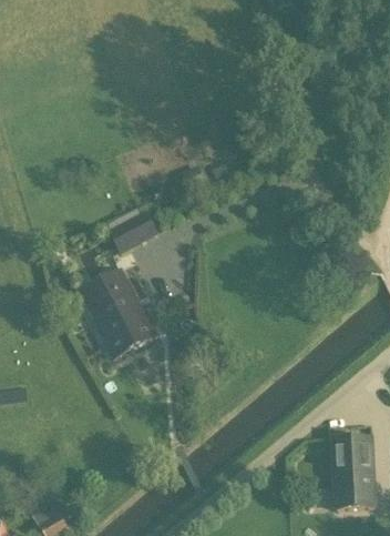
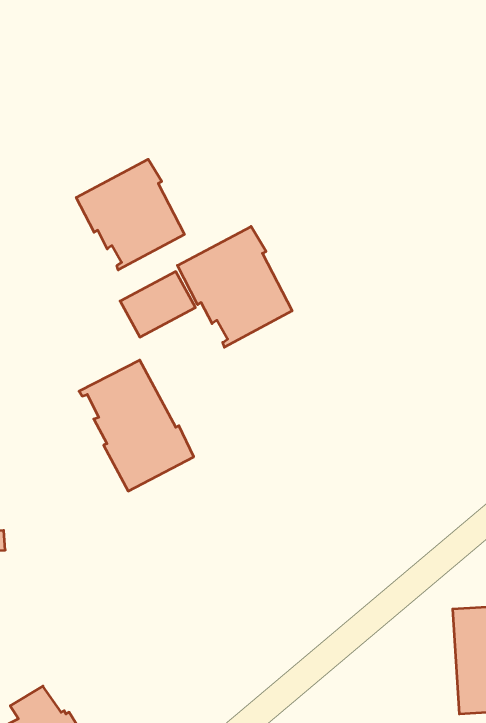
building: none -> [76,159,184,270]
building: none -> [177,226,292,347]

